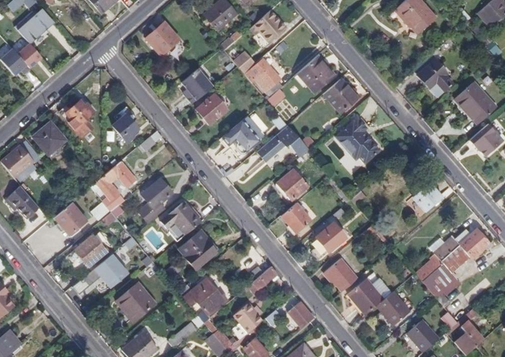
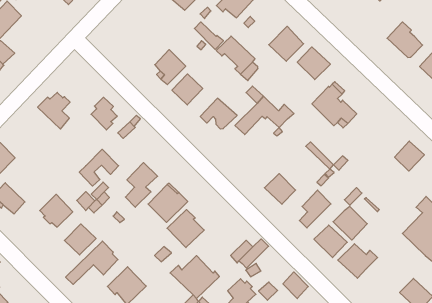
building: [146,19,182,55] -> none
building: [32,122,66,155] -> none
building: [276,167,308,198] -> none
building: [375,290,409,324] -> [333,206,367,240]

